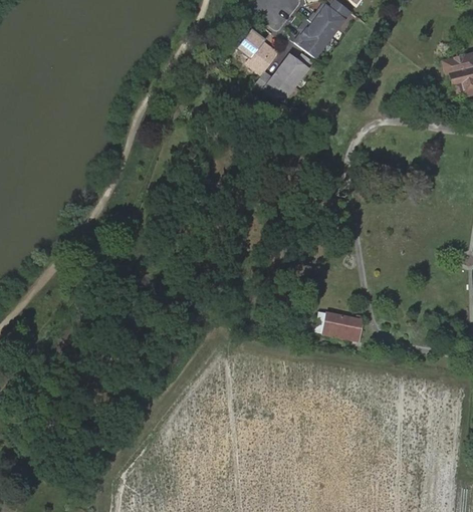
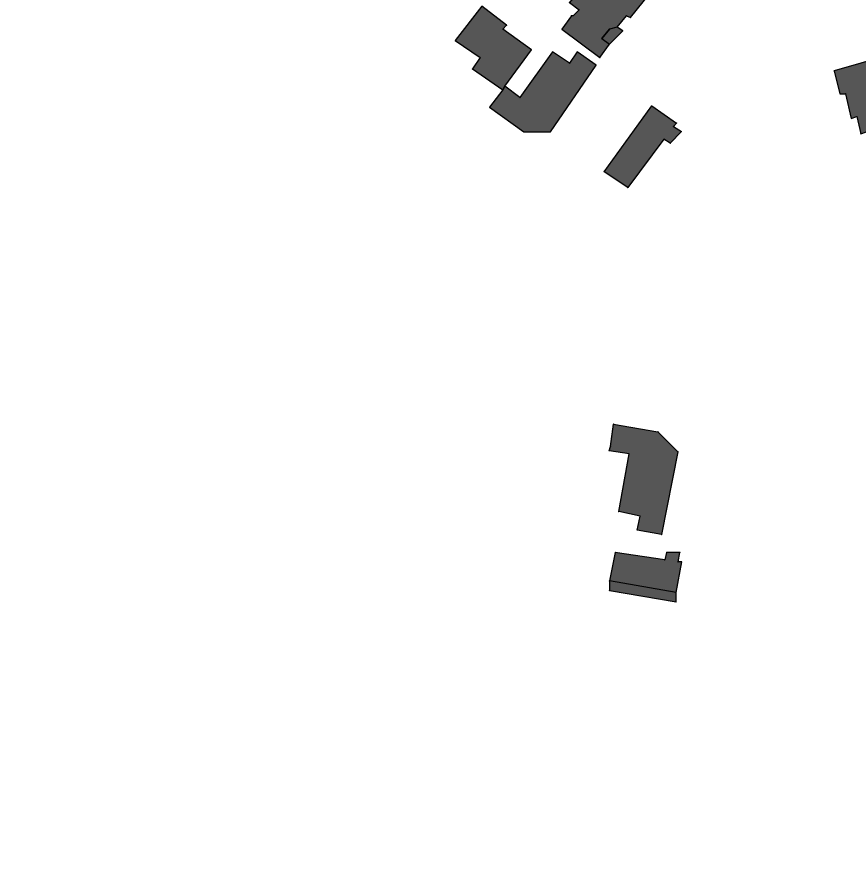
building: none -> [604,106,681,188]
building: none -> [609,424,678,535]

